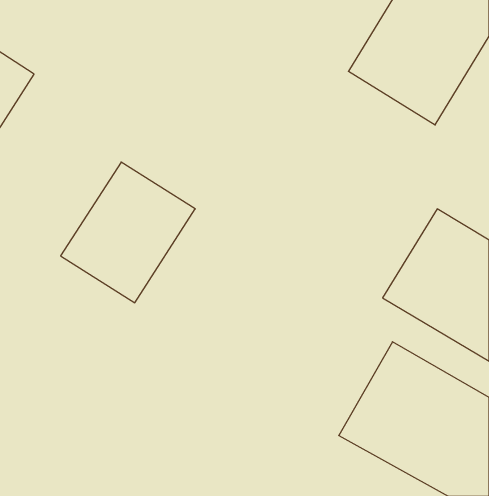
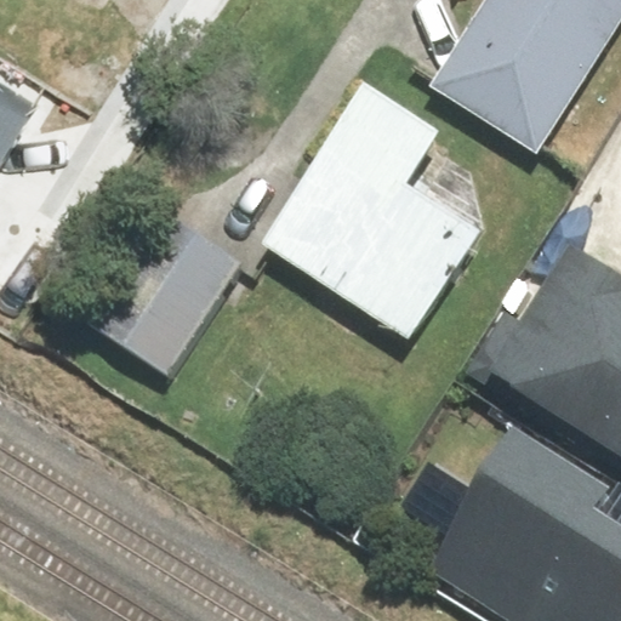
building: none -> [266,85,486,344]

